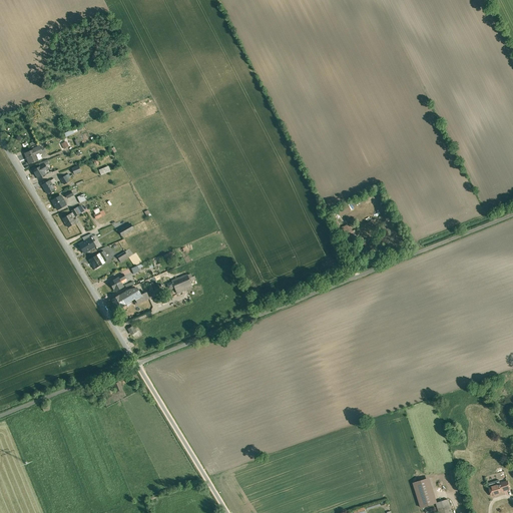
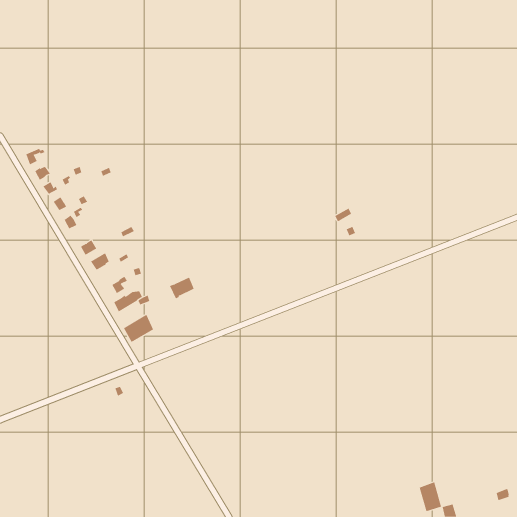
building: none -> [123,314,154,343]

